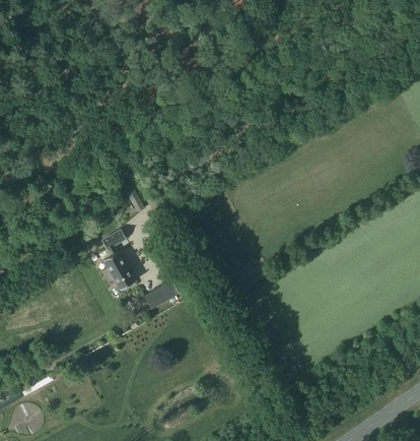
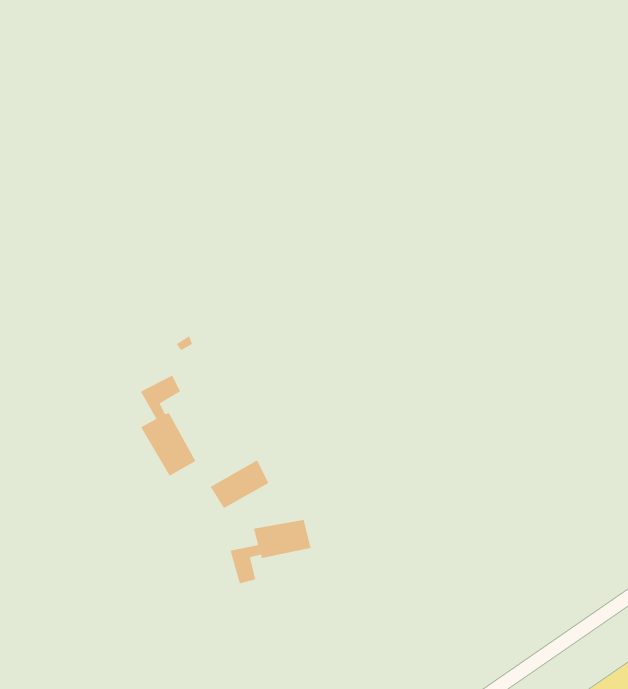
building: none -> [230,519,311,584]

